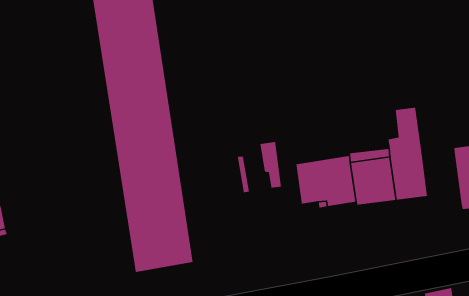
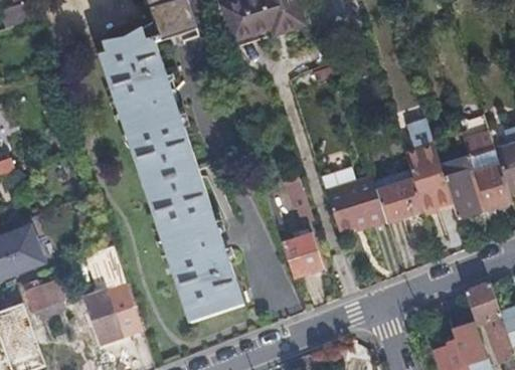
building: none -> [441,157,485,219]
building: none -> [85,246,141,344]
building: none -> [283,232,322,279]

